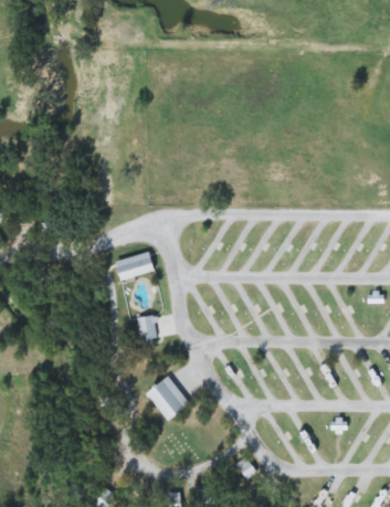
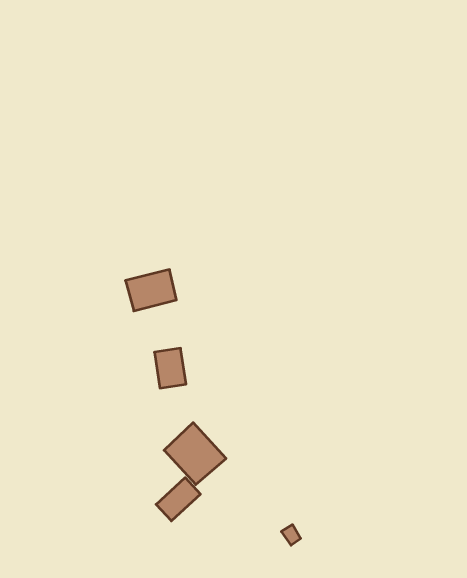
building: none -> [156,478,200,521]

